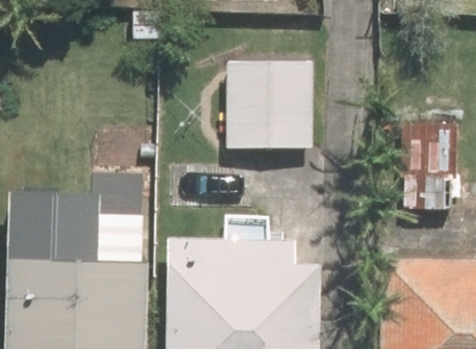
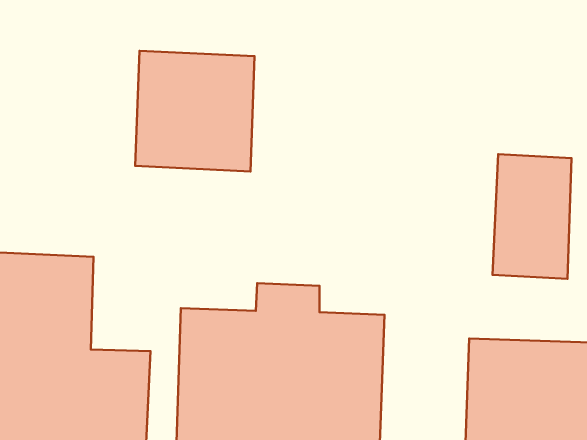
building: [228,59,317,150] -> [135,51,255,171]

